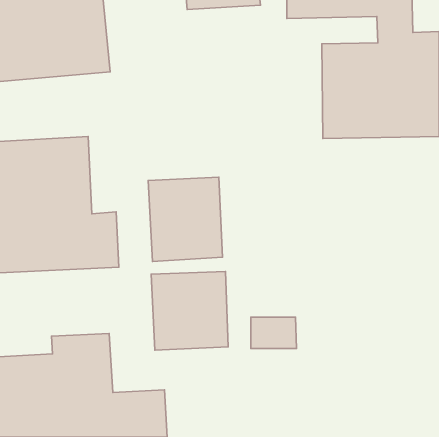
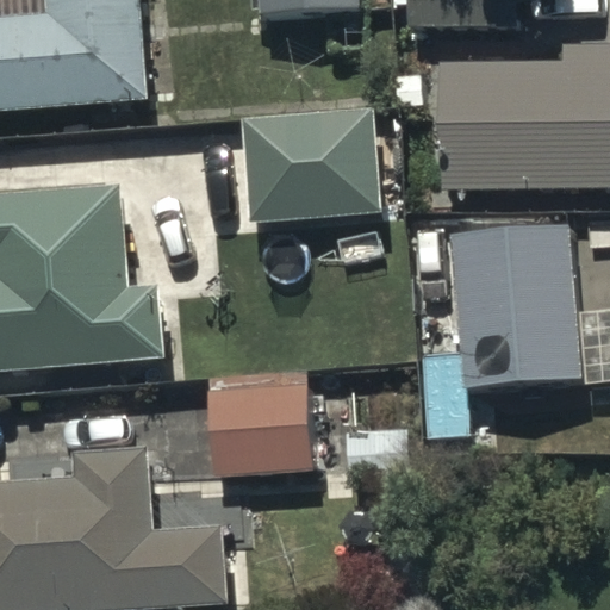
building: none -> [243,107,380,216]
building: none -> [452,225,580,388]
building: [148,177,223,261] -> none

